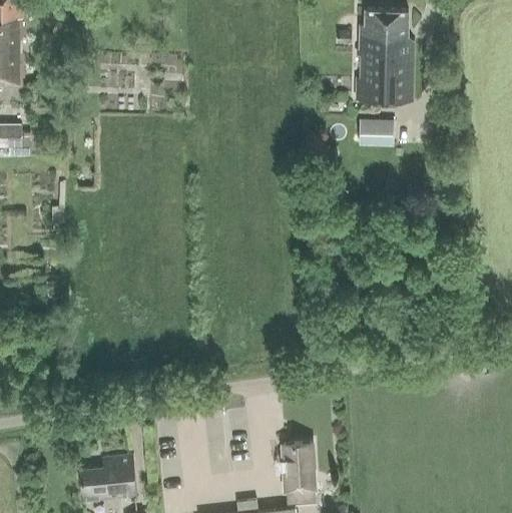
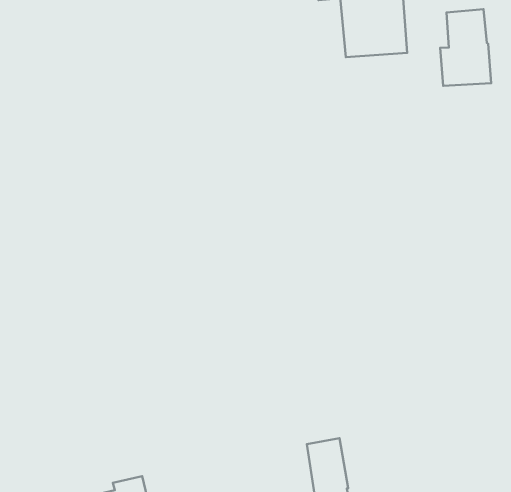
building: none -> [440,9,491,86]
building: [360,120,395,146] -> none

